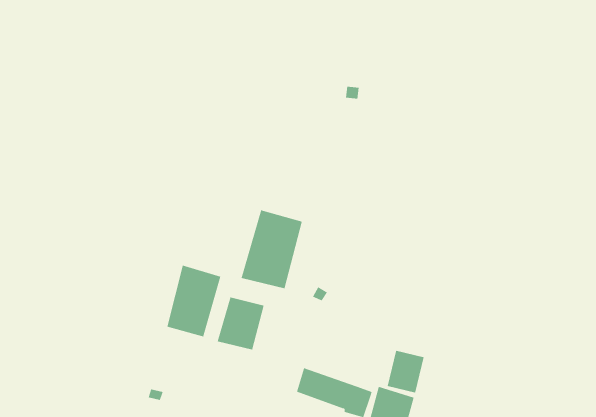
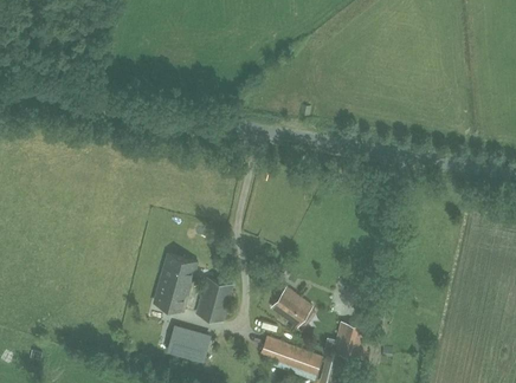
building: [241,210,302,289] -> none
building: none -> [271,287,316,329]
building: none -> [166,324,211,362]

